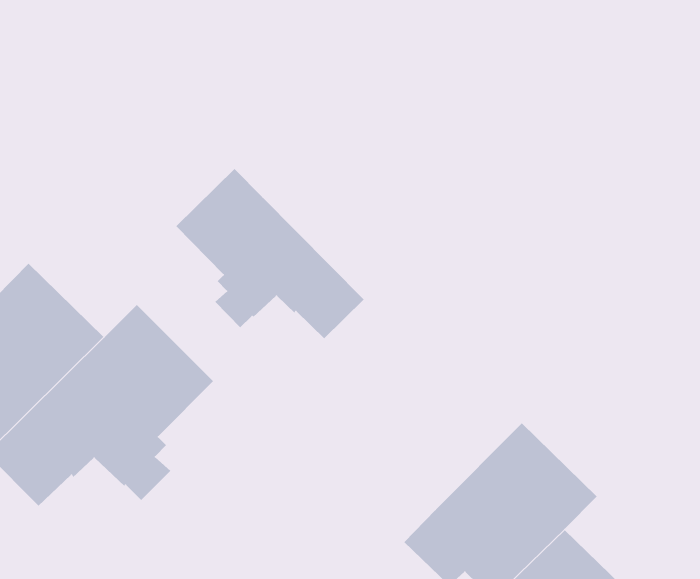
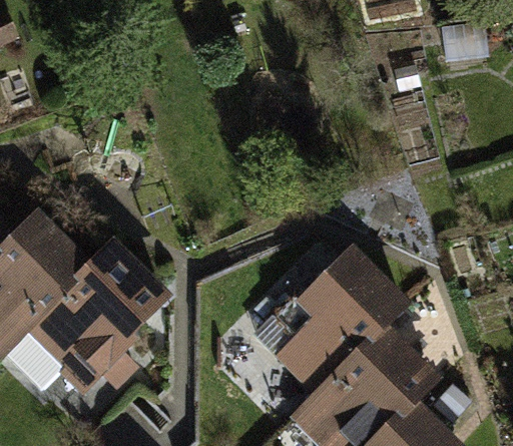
building: [175,168,365,339] -> none
building: none -> [258,252,405,390]

